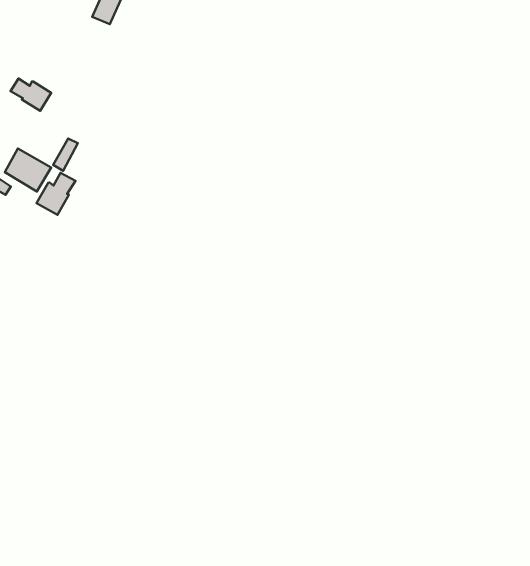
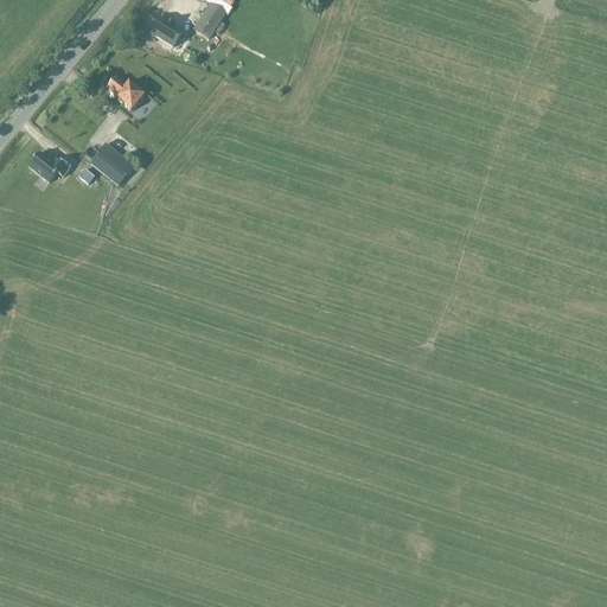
building: none -> [149,15,183,45]
building: [37,173,75,215] -> none

